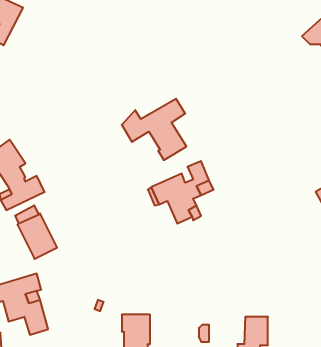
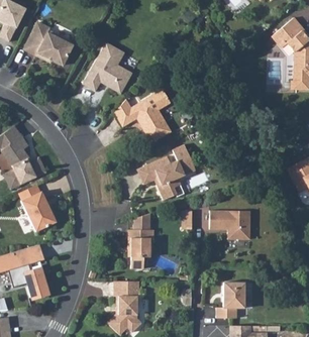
building: none -> [24,22,74,65]
building: none -> [83,42,132,91]
building: none -> [210,210,250,239]
building: none -> [128,229,153,268]

